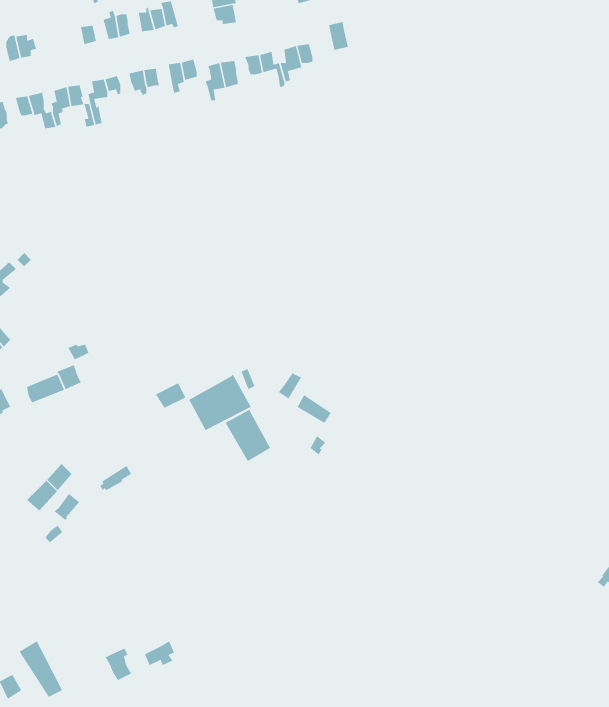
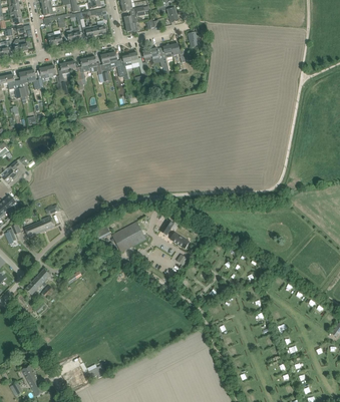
building: [224,408,271,462] -> none

